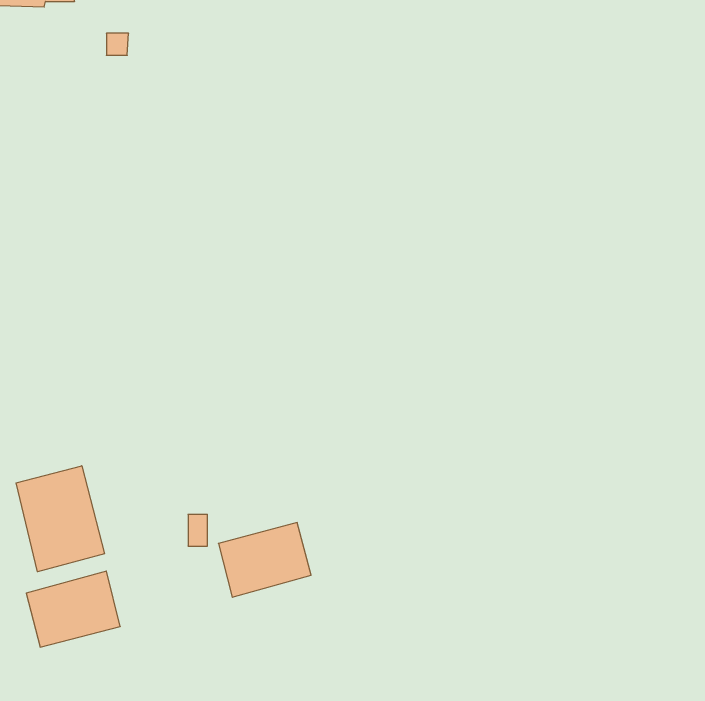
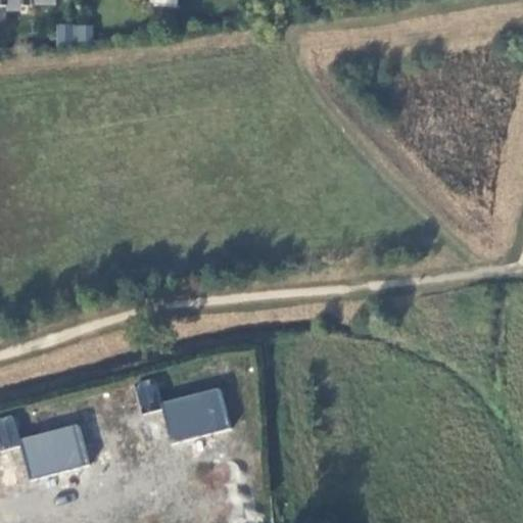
building: [16,466,104,572] -> none

